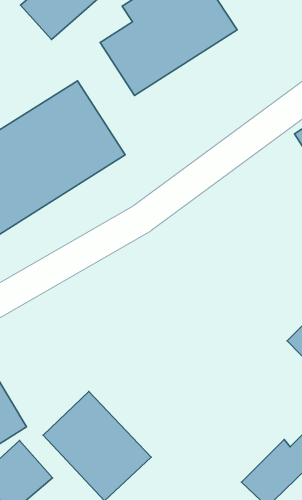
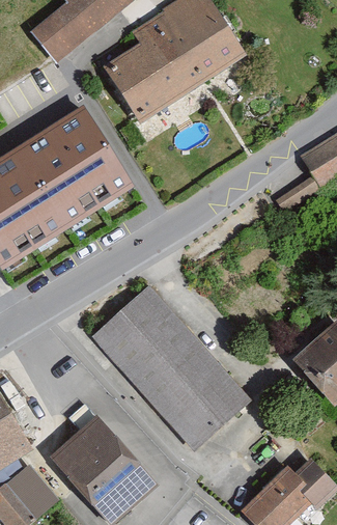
building: none -> [91,289,249,450]

